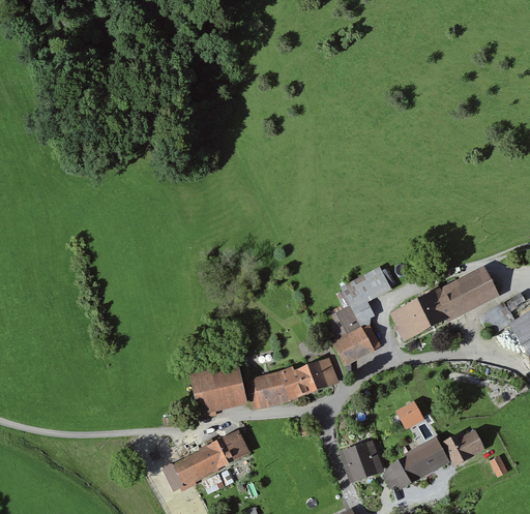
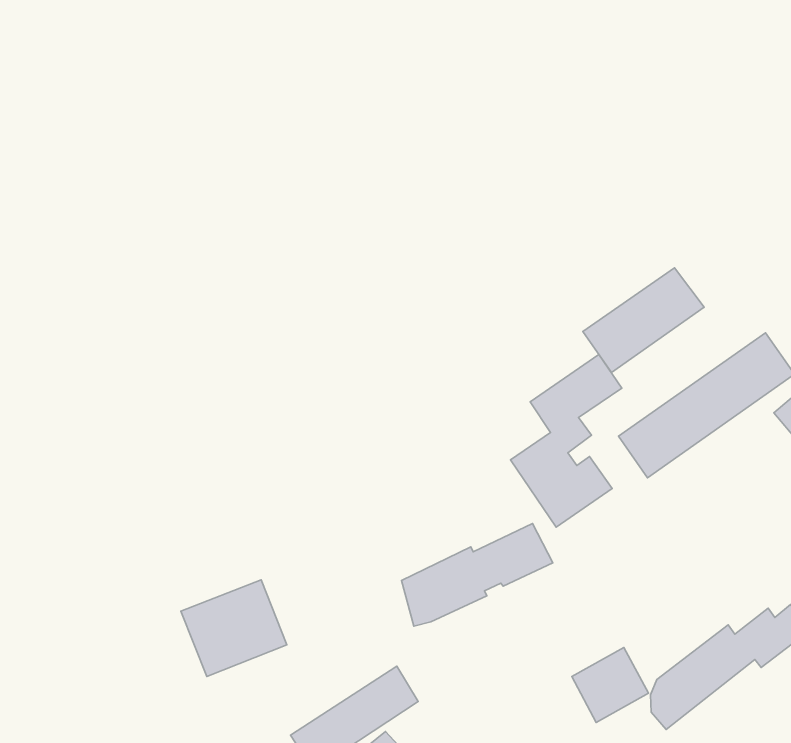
building: none -> [583,268,704,372]
building: [189,362,248,414] -> [181,580,287,676]
building: [395,399,424,428] -> none

